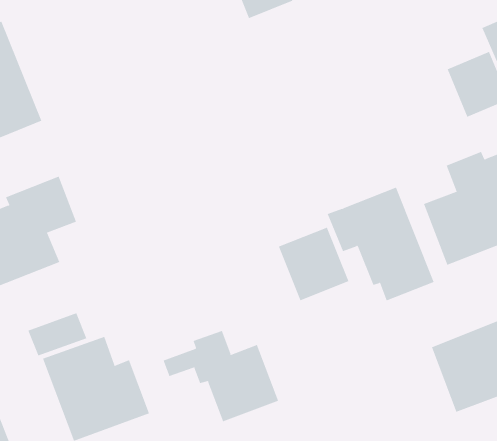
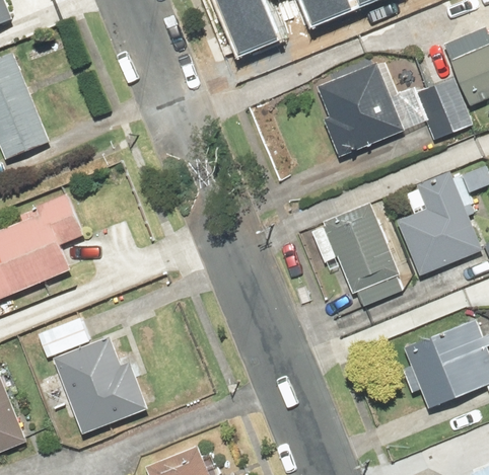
building: none -> [317,64,403,159]
building: [278,227,349,301] -> none
building: [163,330,279,422] -> none

